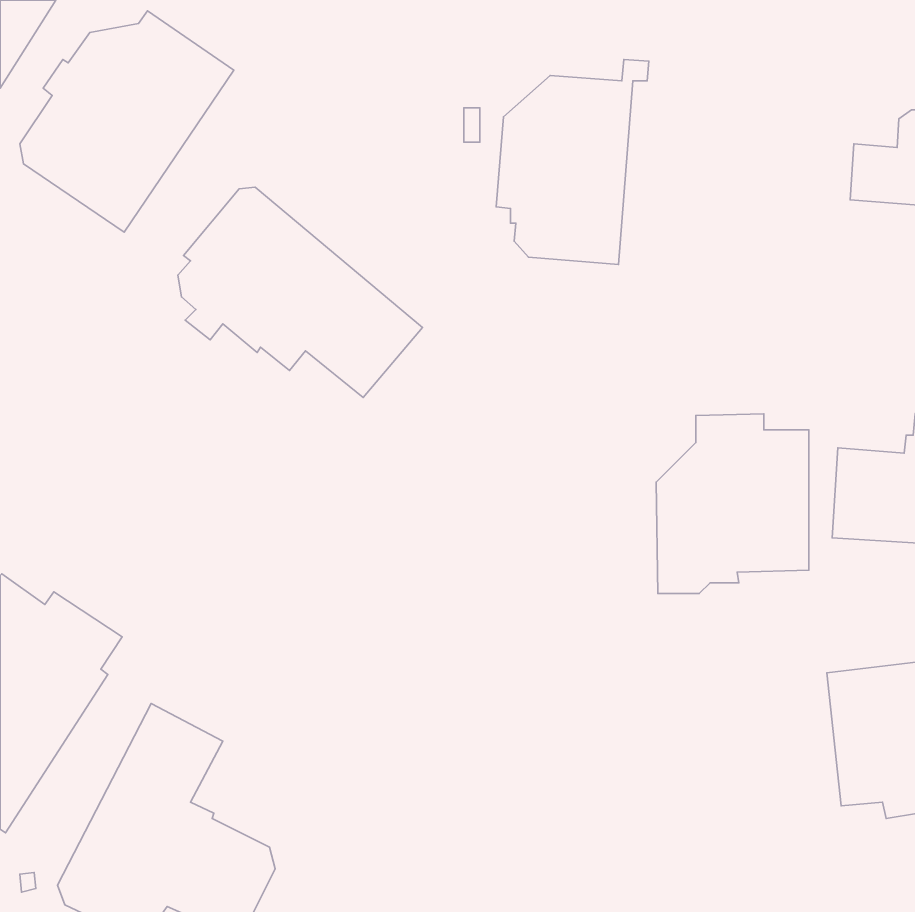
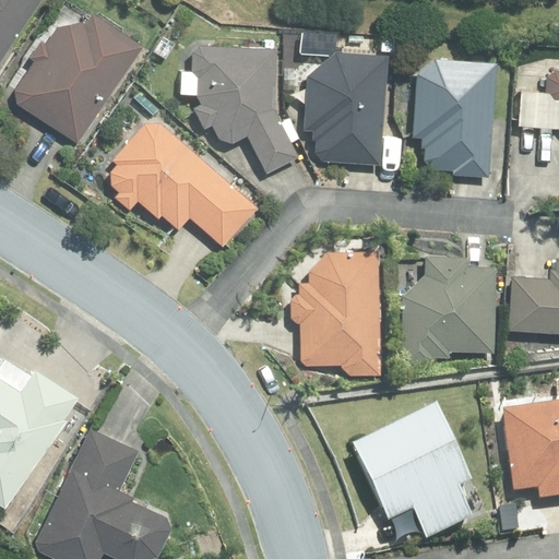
building: none -> [192,45,298,173]
building: none -> [413,58,510,178]
building: none -> [290,250,381,373]
building: none -> [355,407,469,537]

